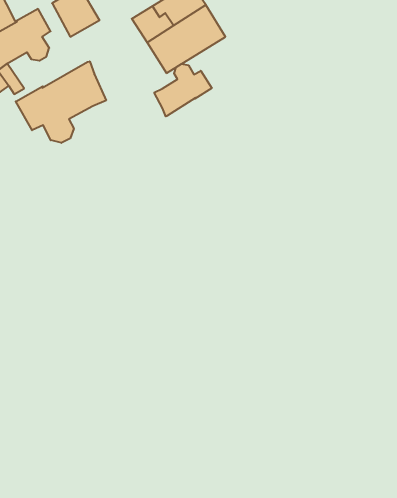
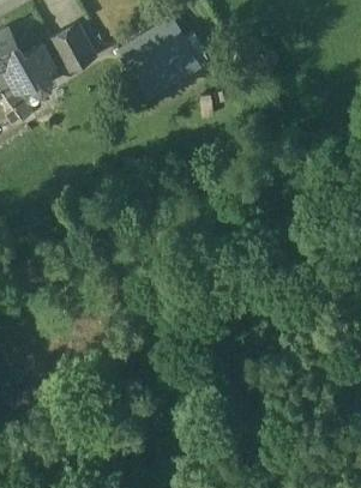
building: [16,61,106,143] -> none
building: [154,64,212,116] -> none

